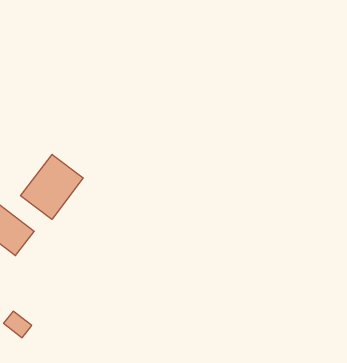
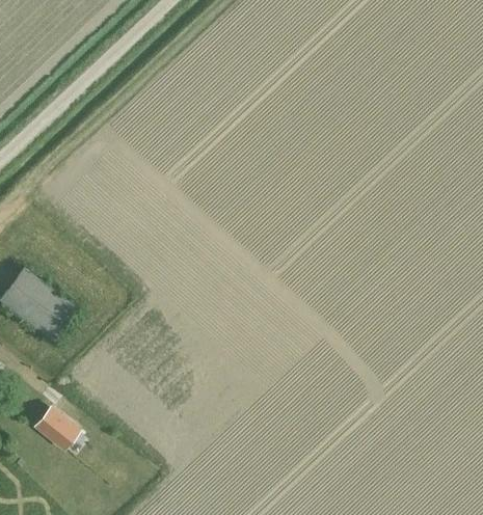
building: [21,154,83,219] -> none

